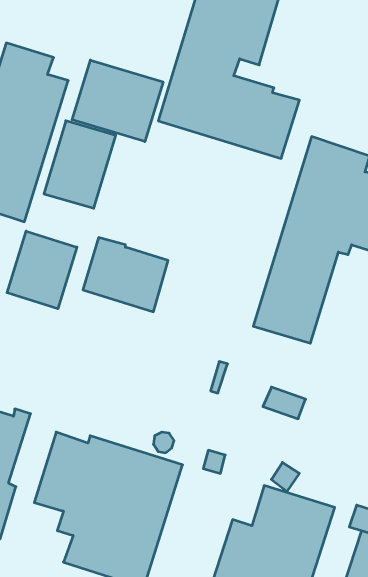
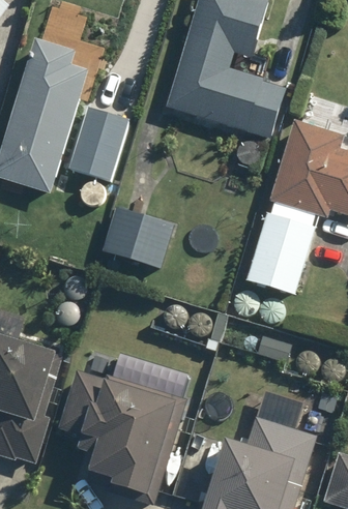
building: [72,60,163,142] -> none
building: [7,231,77,309] -> none

